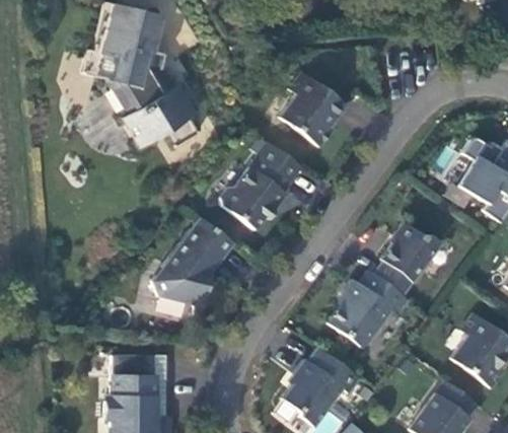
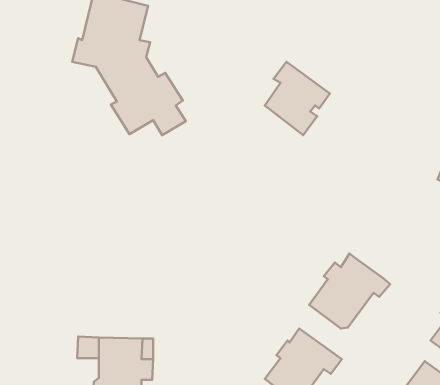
building: [222,145,302,228] -> none
building: [153,217,233,317] -> none
building: [374,221,442,294] -> none

